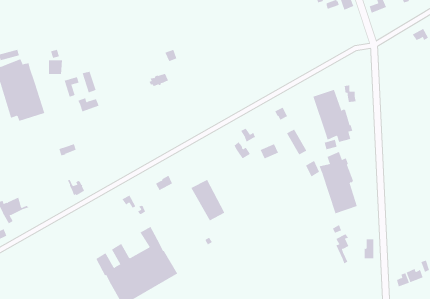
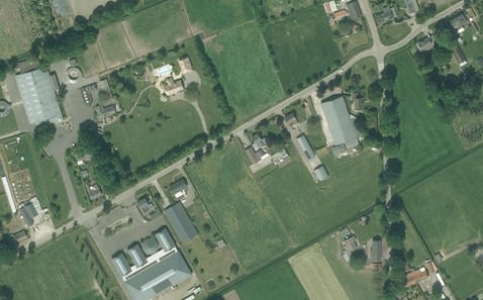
building: [319,151,358,214] -> none
building: [191,179,225,221] -> [164,202,197,242]

